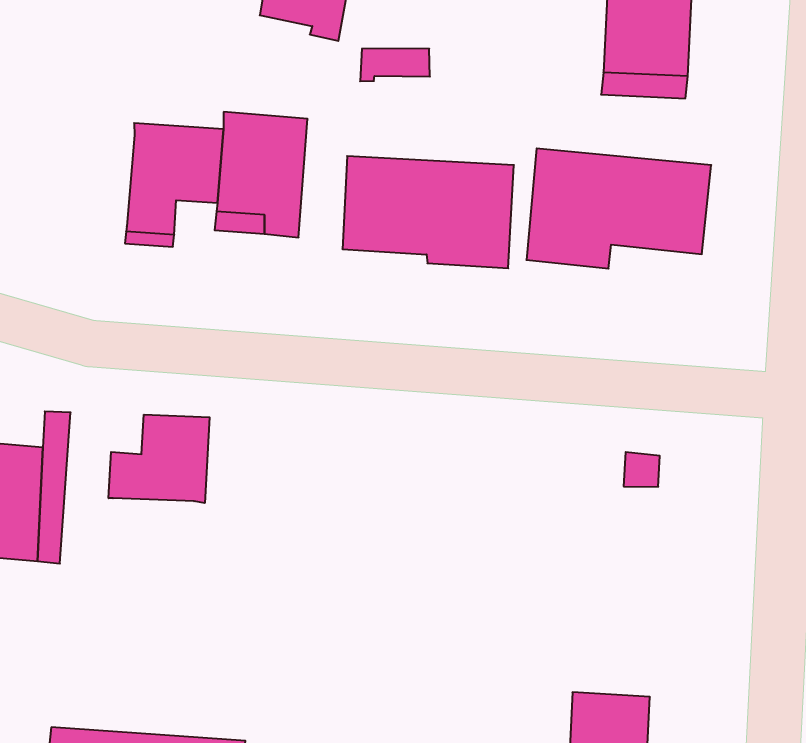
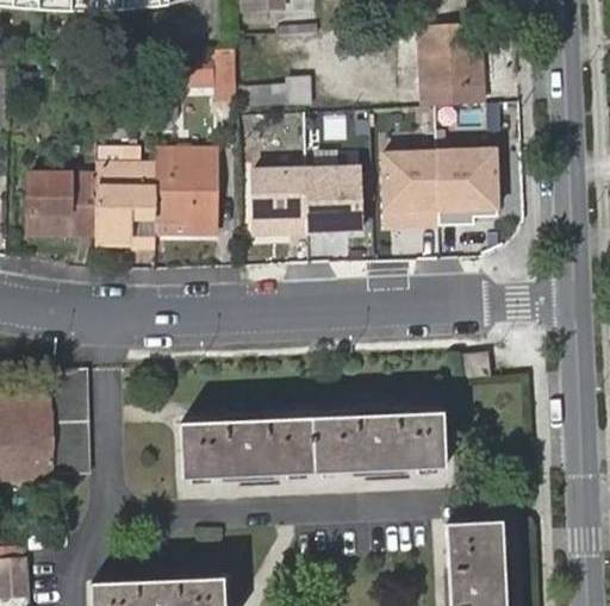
building: none -> [33,171,104,236]
building: [109,415,210,503] -> none
building: none -> [173,411,437,480]

